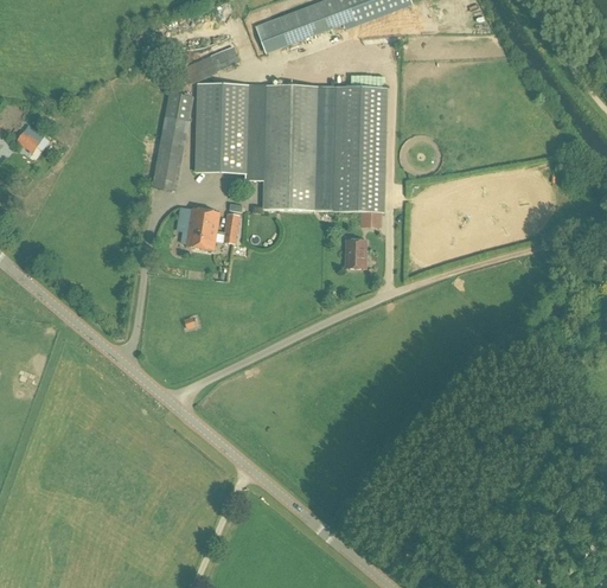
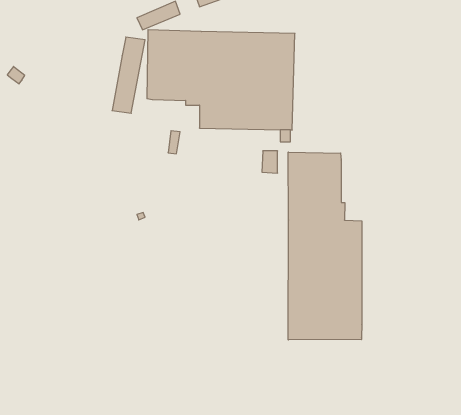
building: [178,207,219,250] -> none
building: none -> [288,152,362,340]

